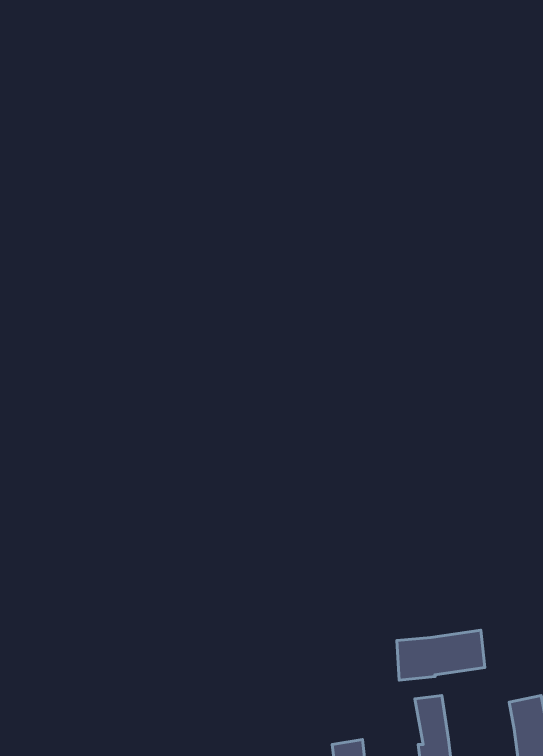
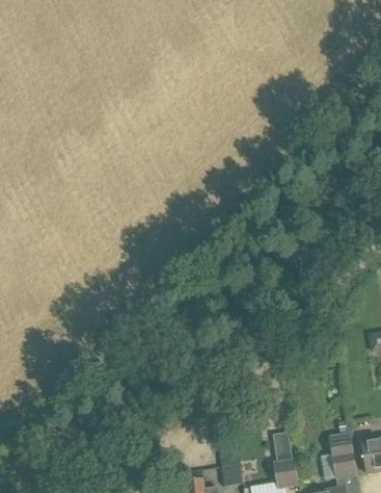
building: [397,630,485,680] -> none

